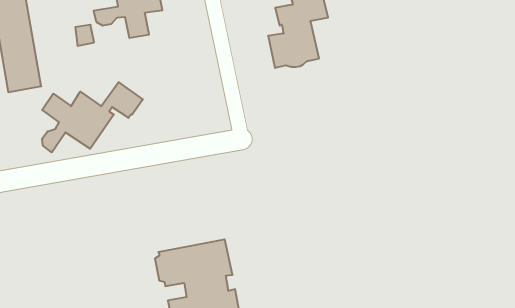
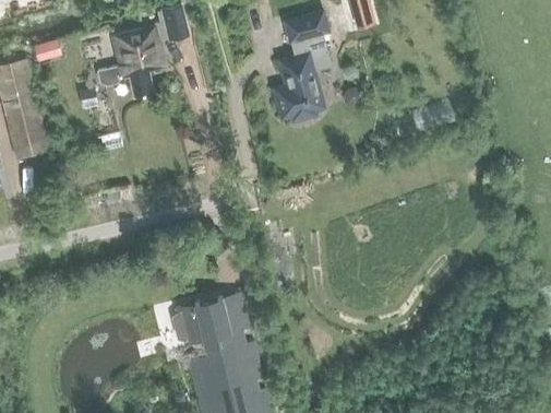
building: [42,82,143,152] -> none

